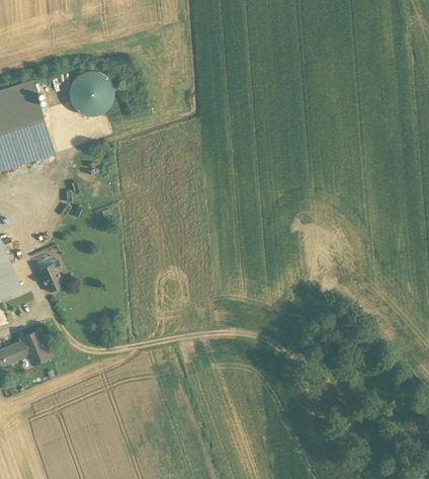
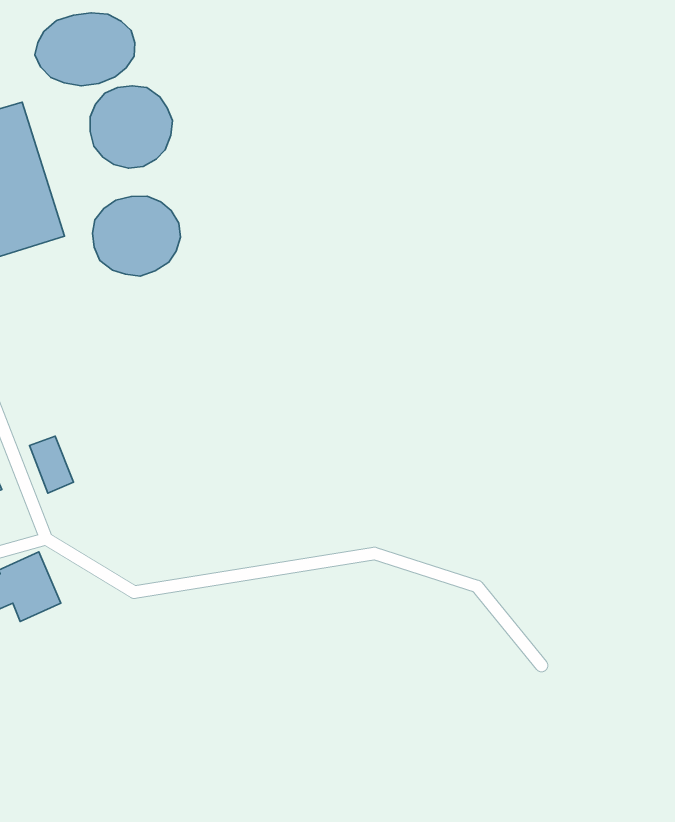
building: none -> [35,13,135,86]
building: none -> [92,196,180,276]

